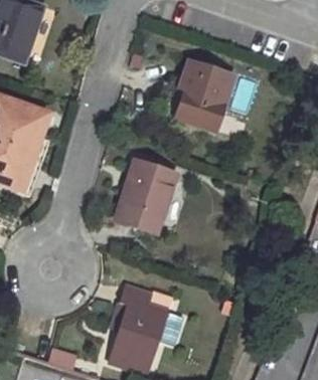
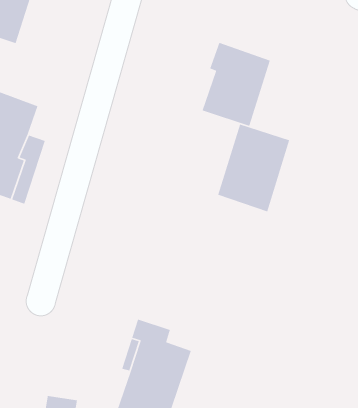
building: [117,159,176,231] -> [217,124,290,213]

